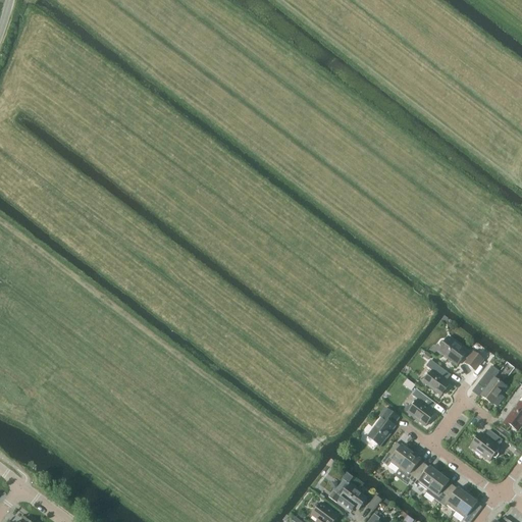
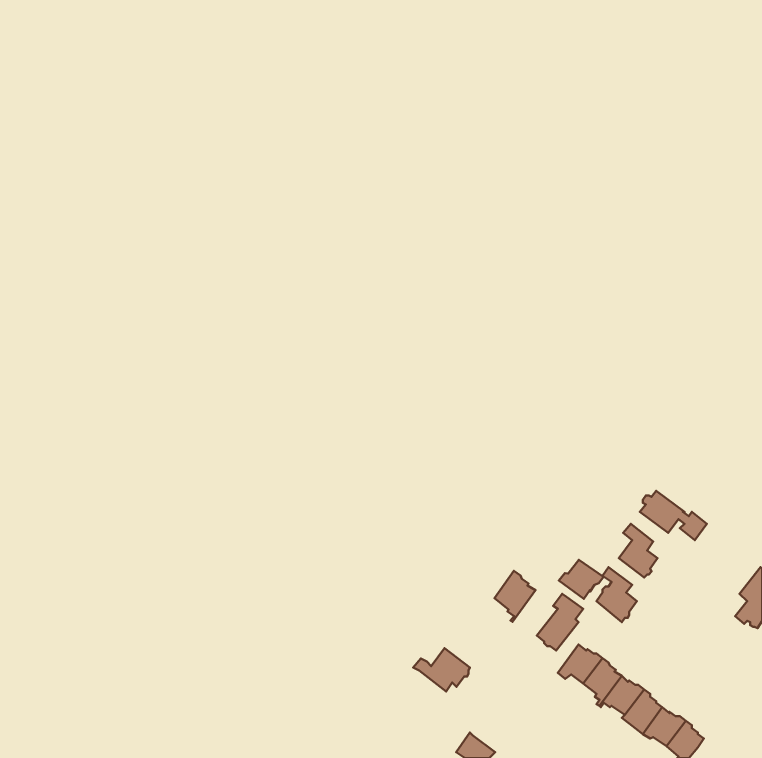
building: [478,364,506,405] -> none
building: none -> [559,560,604,599]
building: none -> [495,571,536,622]
building: [470,428,503,460] -> none
building: [328,482,367,512] -> [413,648,470,691]

